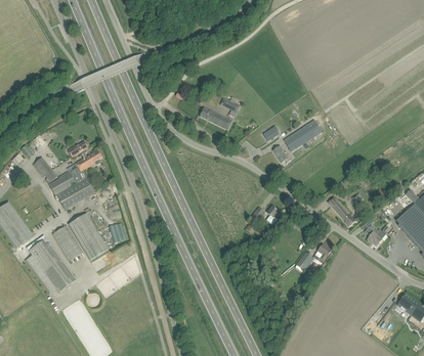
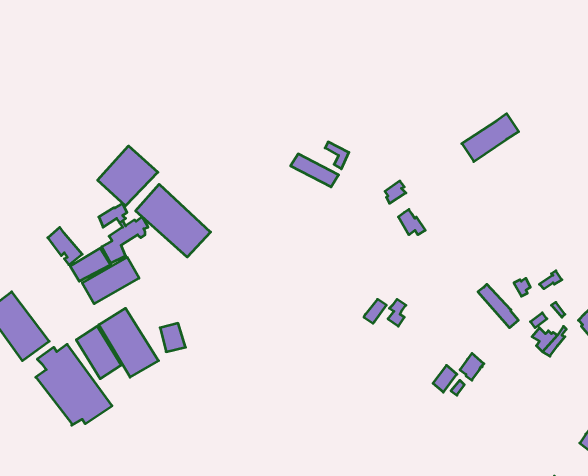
building: none -> [98,146,158,206]
building: [284,118,323,150] -> [462,114,519,162]
building: none -> [136,184,211,257]

